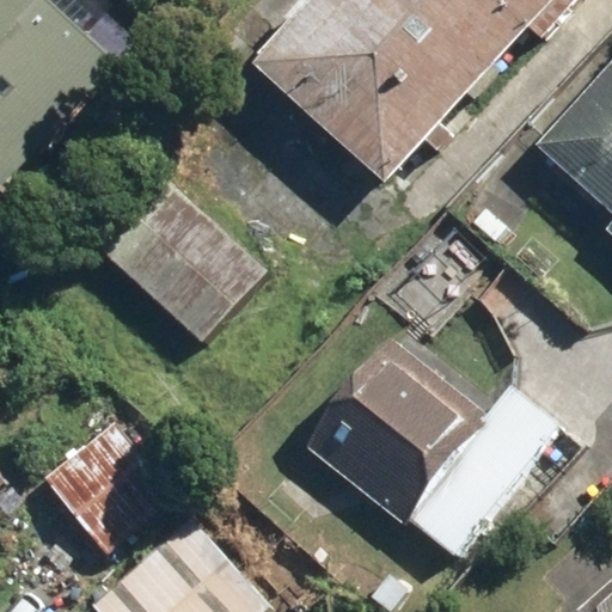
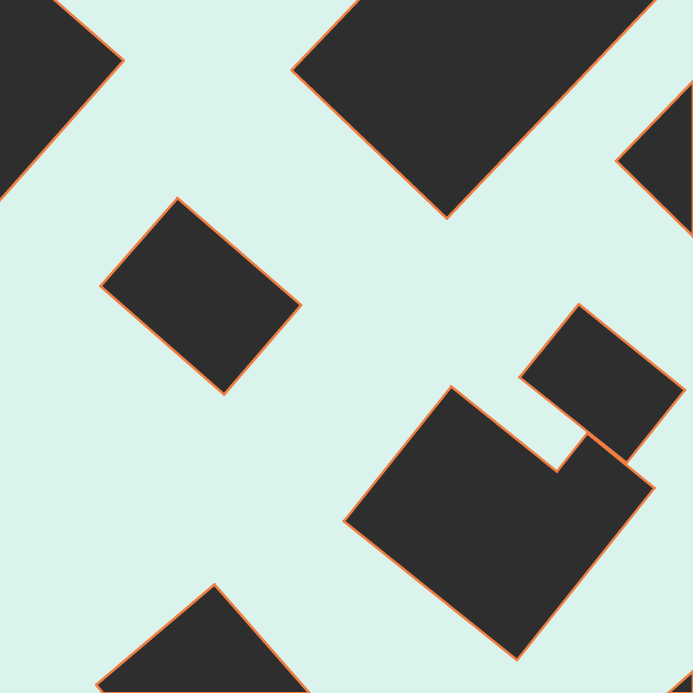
building: none -> [519,304,685,463]
building: [42,421,161,557] -> none

